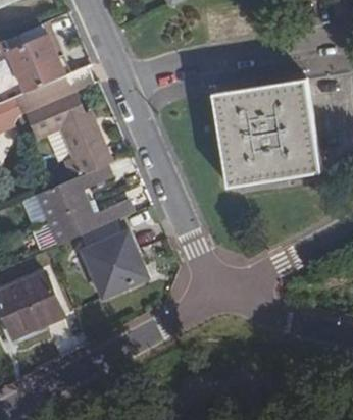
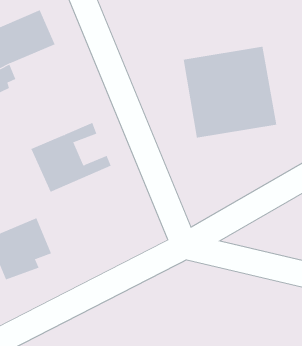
building: [30,92,111,177] -> none
building: [83,232,146,297] -> none

